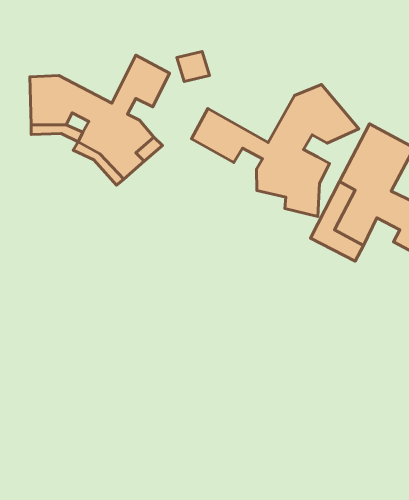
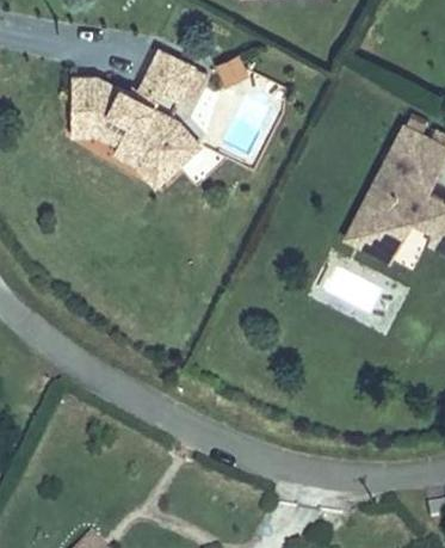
building: [192,85,359,216] -> none

